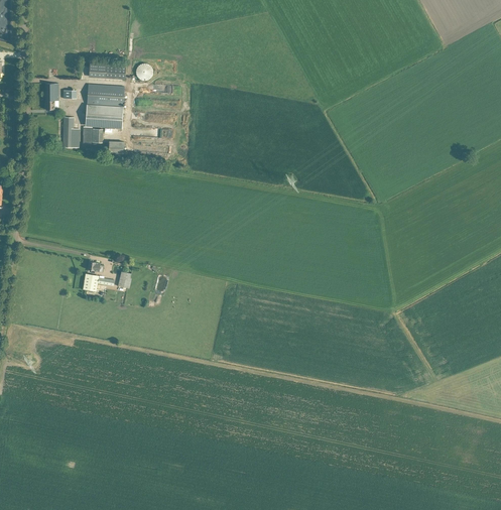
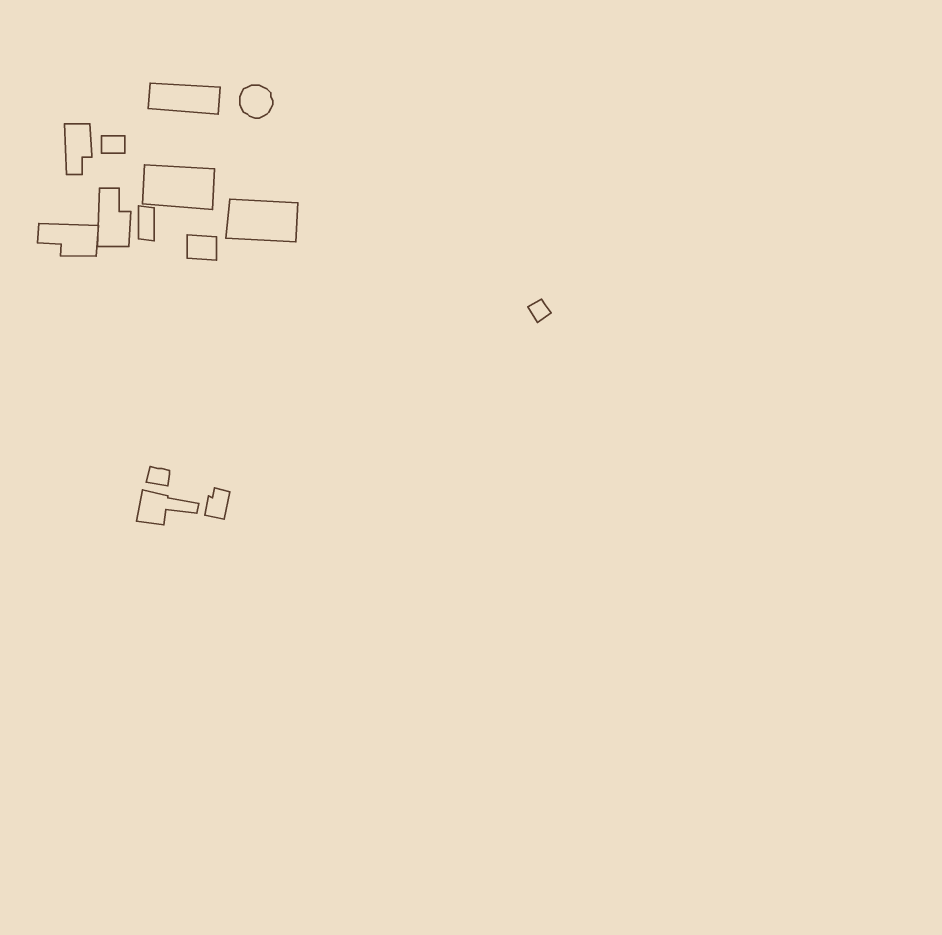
building: [87,84,124,106] -> [226,199,298,242]
building: none -> [37,223,98,256]

